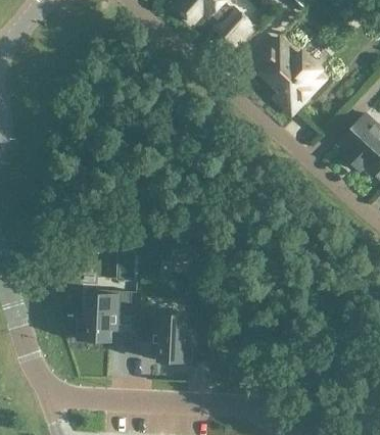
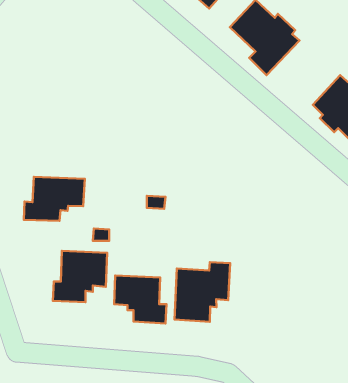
building: none -> [24,177,85,221]
building: none -> [174,262,230,322]

